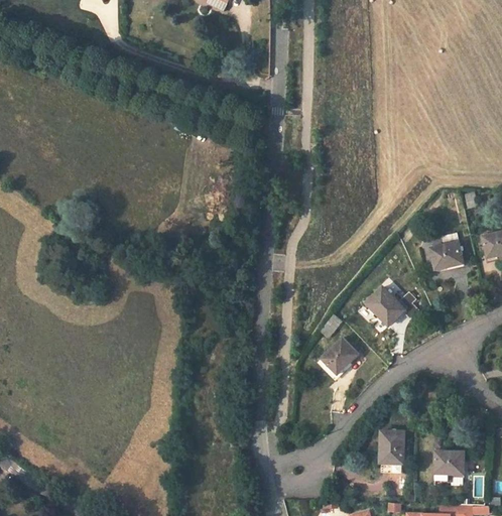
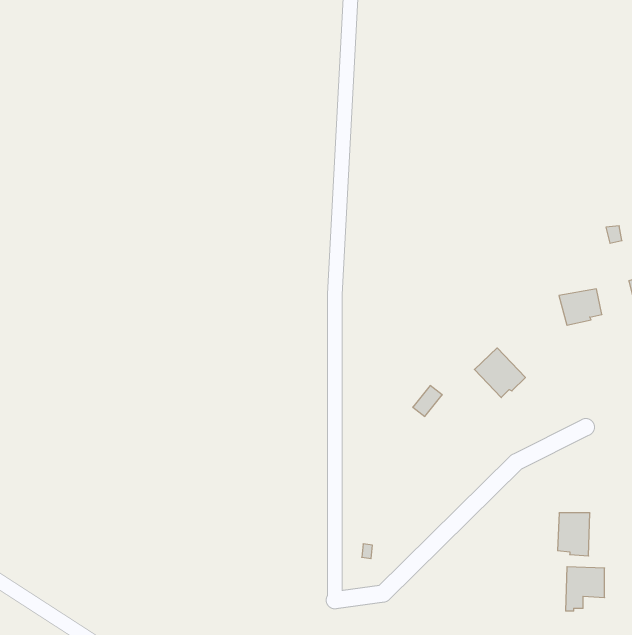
building: [321,339,357,373] -> none
building: [380,431,404,464] -> [558,513,590,556]

